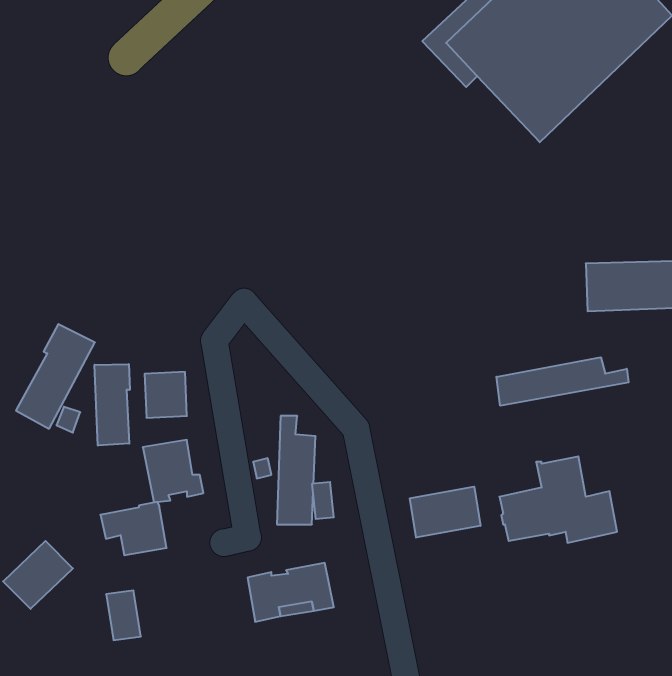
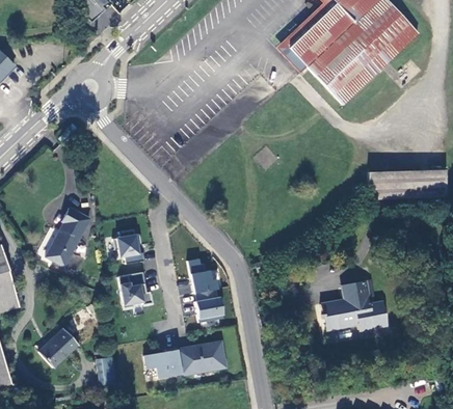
building: [496,357,629,406] -> none
building: [95,364,130,446] -> none
building: [410,487,480,538] -> none
building: [100,502,167,555] -> [144,348,182,378]

